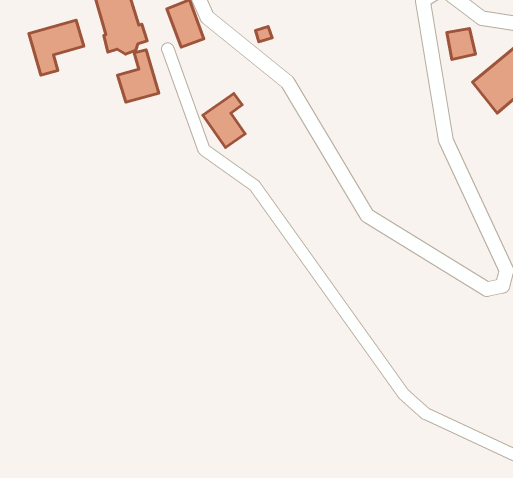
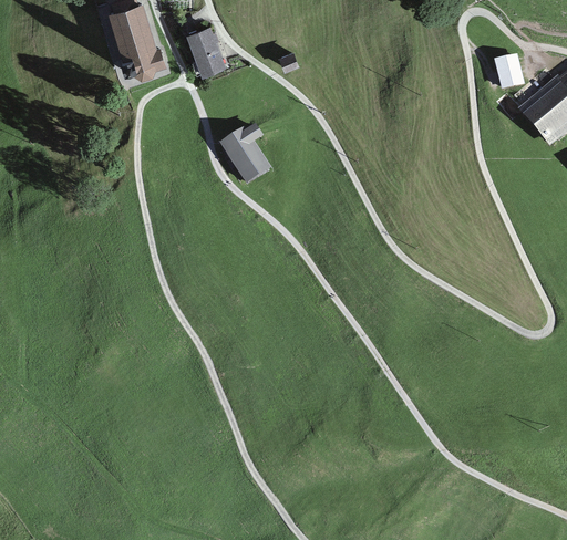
building: [29,20,84,75] -> none
building: [118,50,159,102] -> none

